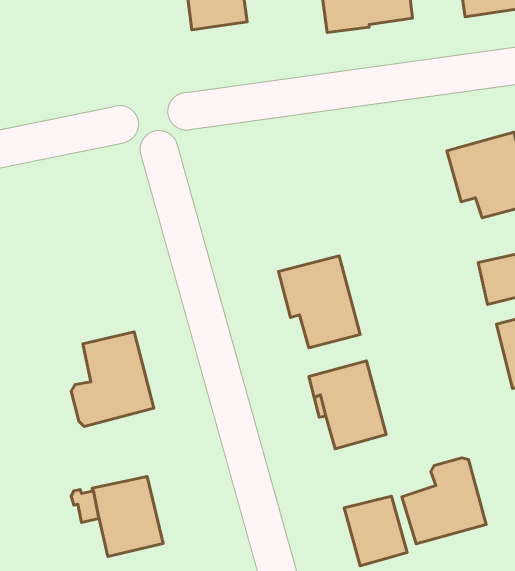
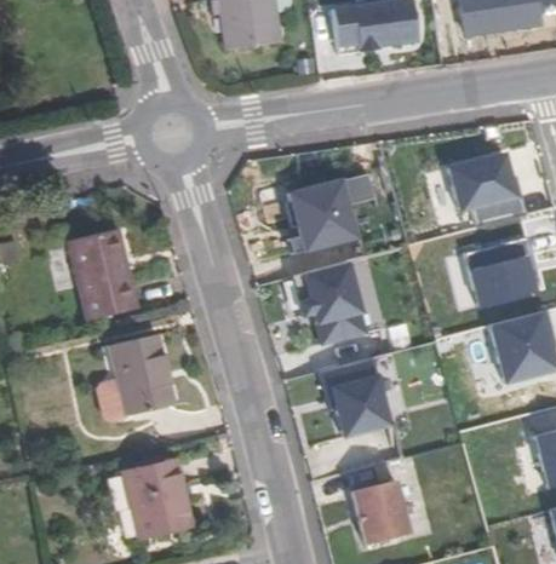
building: none -> [290,169,376,249]
building: none -> [74,220,141,312]
building: [402,458,486,544] -> none

